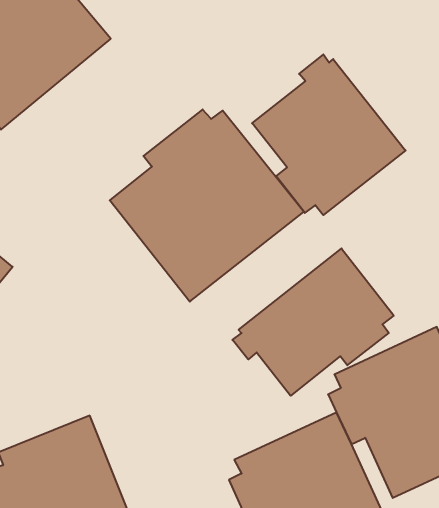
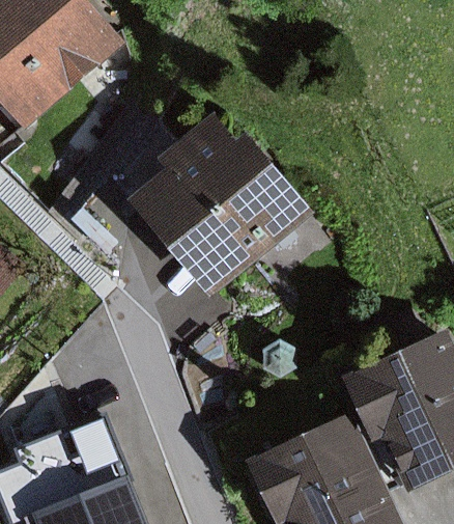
building: [252,54,406,215] -> none
building: [232,248,394,396] -> none

